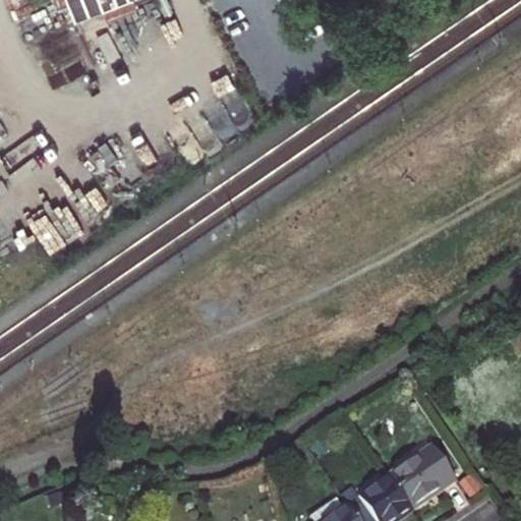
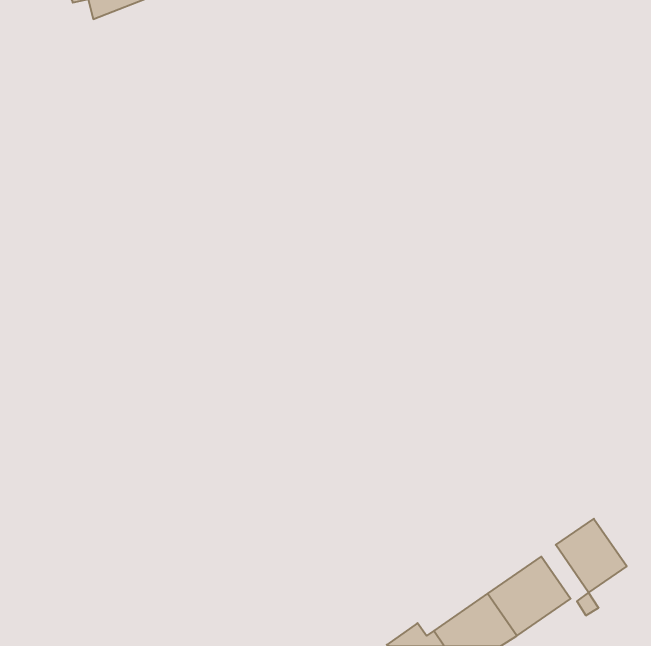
building: none -> [556,519,627,592]

